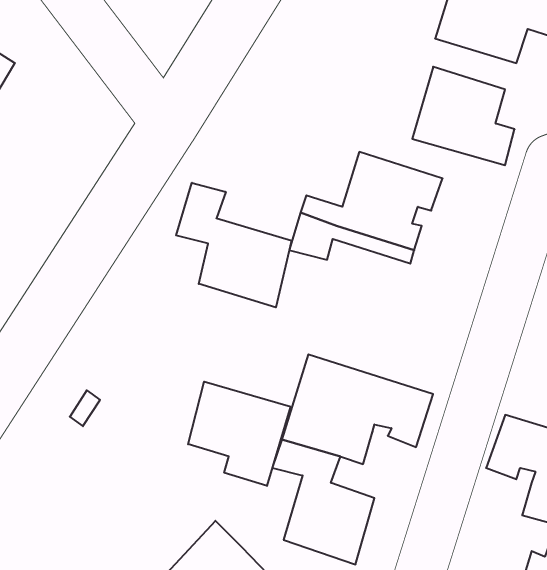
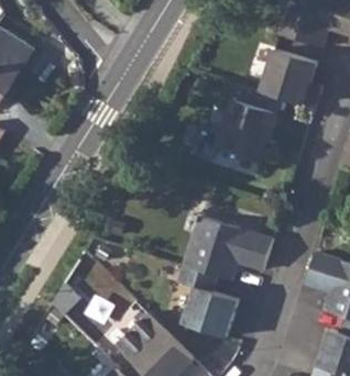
building: [176,183,292,307] -> none
building: [188,382,290,486] -> none

